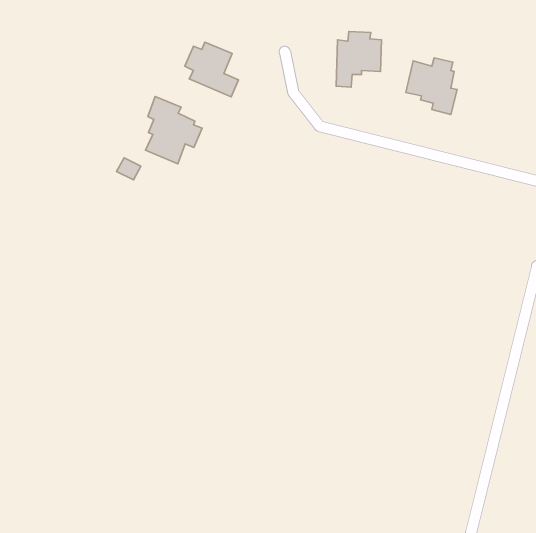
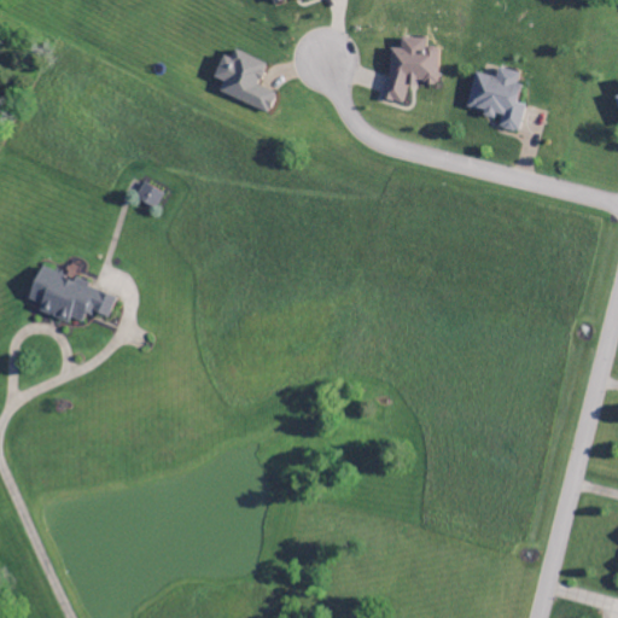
building: [146,97,202,164] -> none
building: none -> [27,264,115,321]

